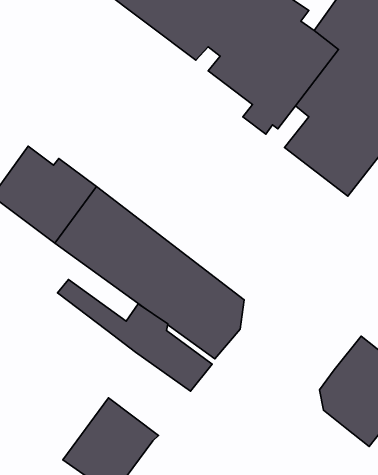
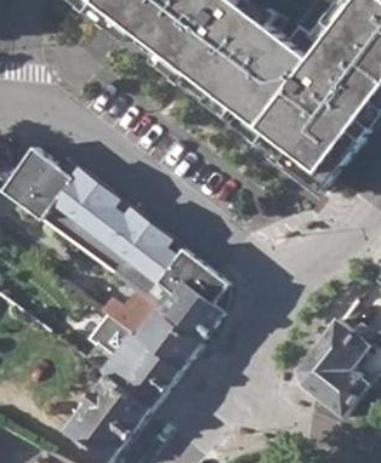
building: none -> [85,313,182,407]

